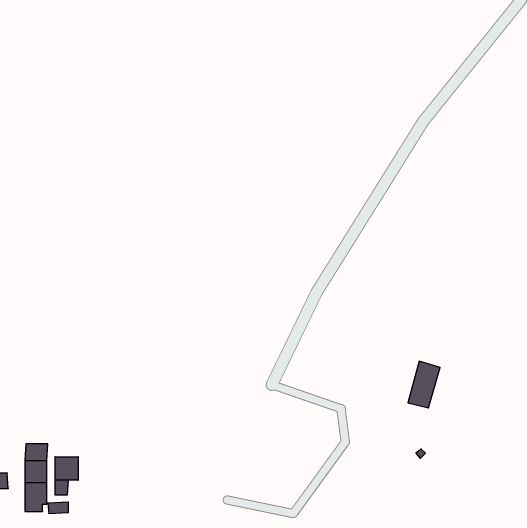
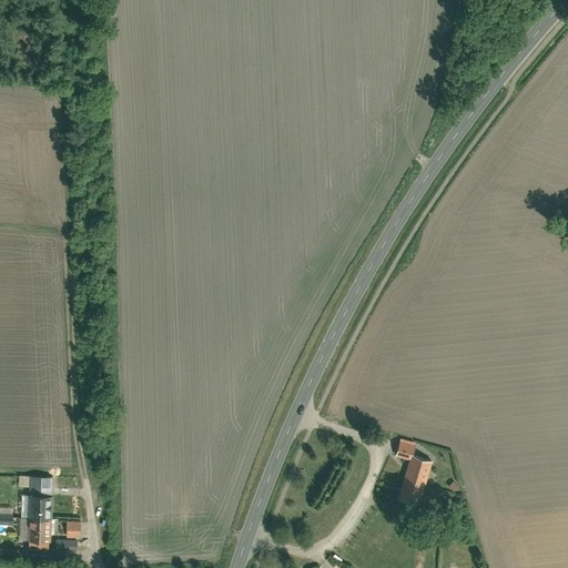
building: [408,361,440,408] -> [395,456,429,506]
building: [55,457,78,480] -> none

